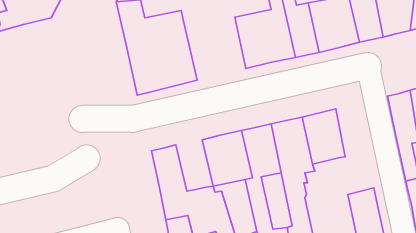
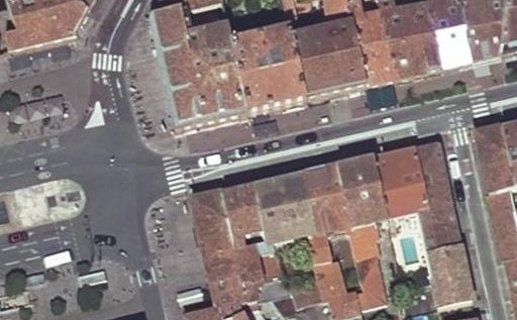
building: none -> [231,30,306,112]
building: none -> [414,141,459,249]
building: none -> [222,184,267,245]

